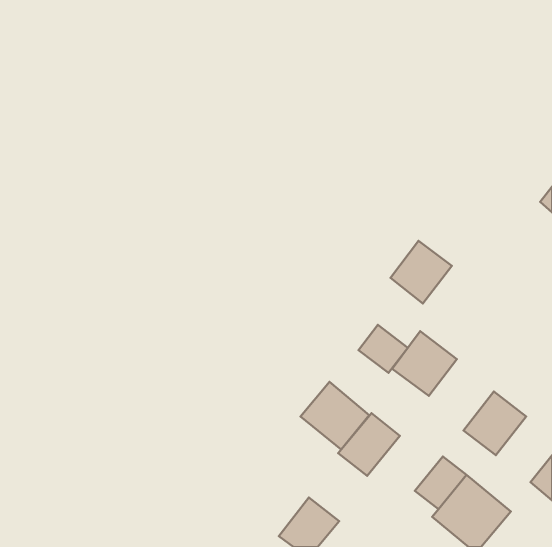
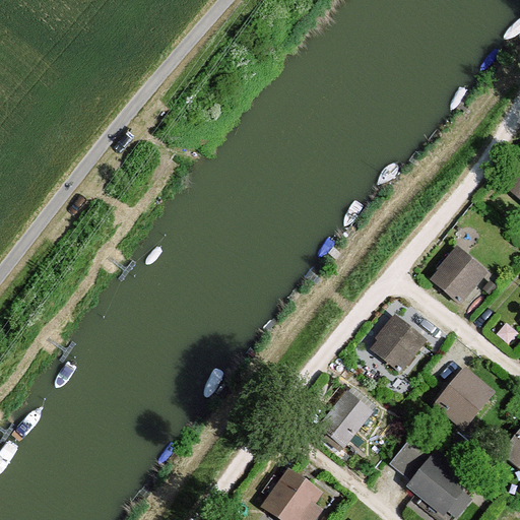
building: [390,241,452,304] -> [429,246,486,305]
building: [358,325,408,373] -> none
building: [300,382,369,449] -> none

